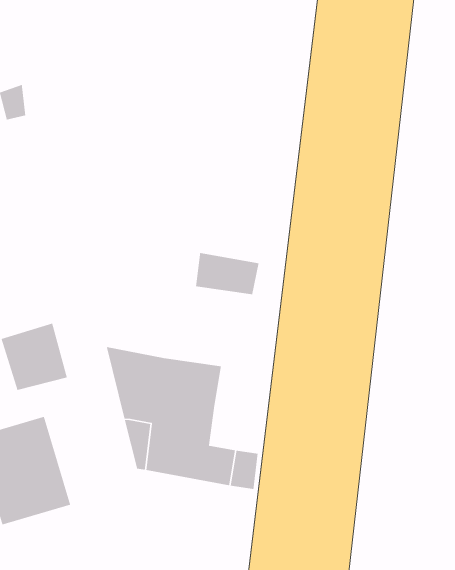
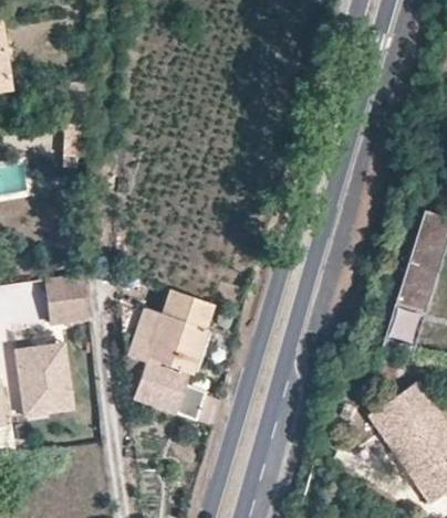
building: [195,252,259,295] -> [163,289,214,328]

